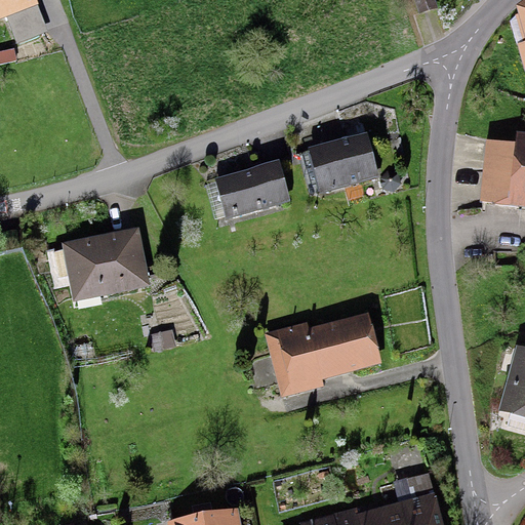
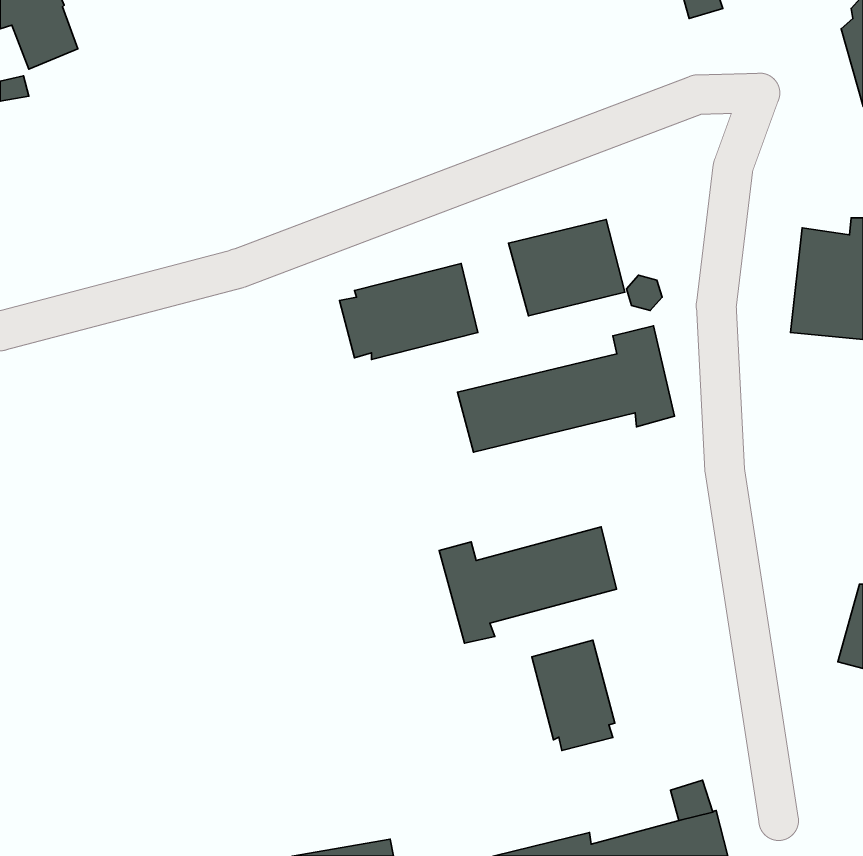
building: none -> [457,326,675,452]
building: [69,233,144,294] -> none
building: none -> [532,640,615,751]

